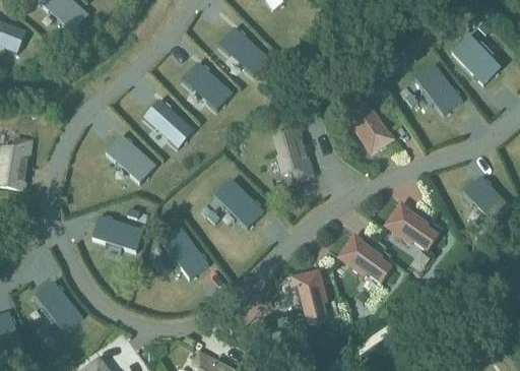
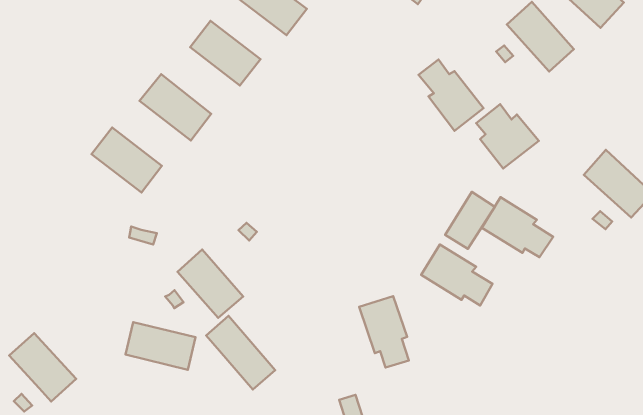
building: [271,126,311,178] -> none
building: none -> [476,104,539,169]
building: [213,178,264,229] -> none
building: none -> [445,192,495,249]
building: [91,214,143,252] -> [126,322,195,370]
building: none -> [206,316,275,390]

